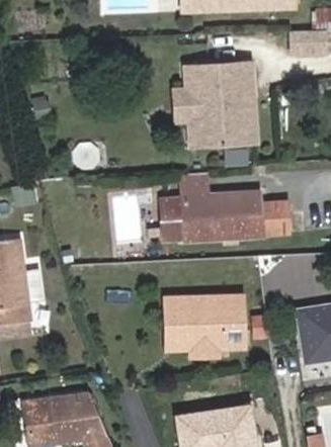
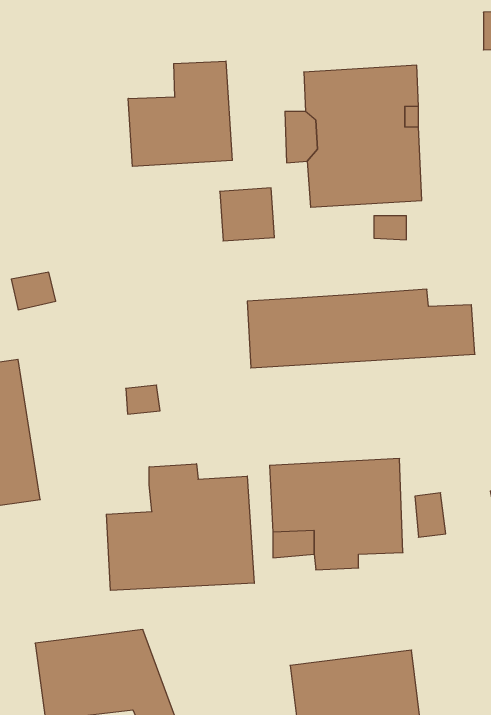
building: none -> [128,61,232,166]
building: [182,168,215,199] -> [220,188,274,241]
building: none -> [106,464,254,590]

